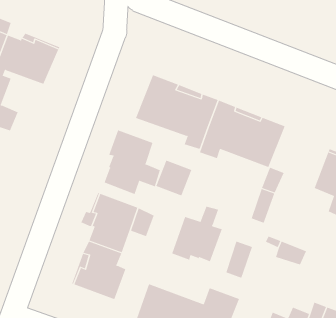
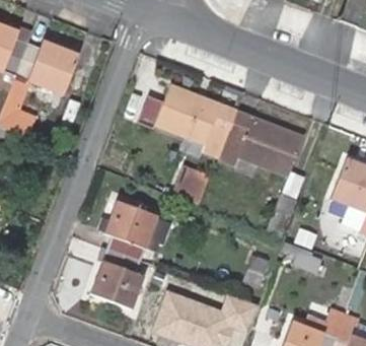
building: [104,130,160,195] -> none
building: [171,206,222,262] -> none

